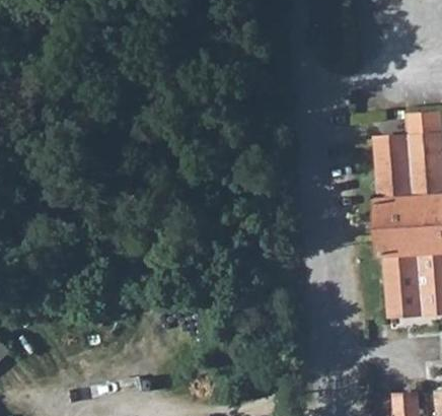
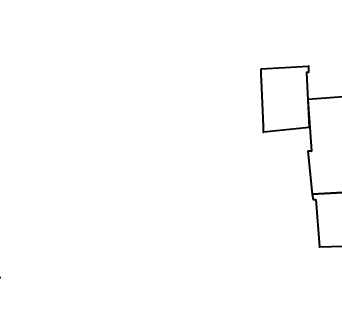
building: none -> [261,66,309,132]

